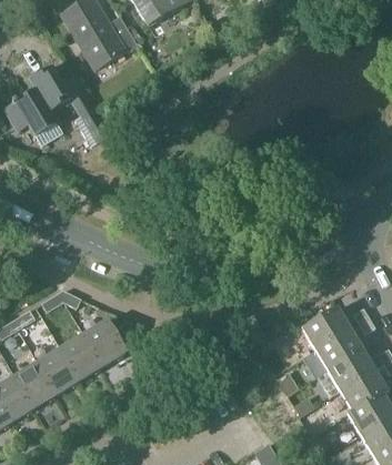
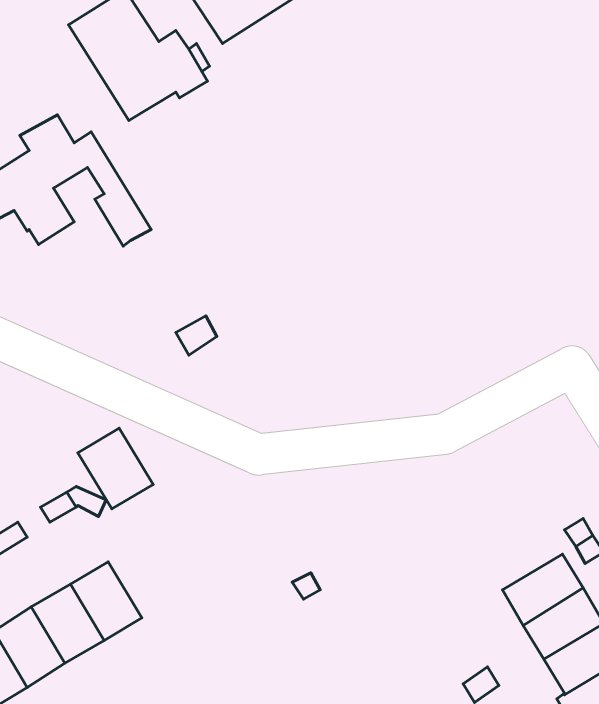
building: [302,307,351,350] -> none
building: [82,319,127,366] -> [78,428,153,509]

